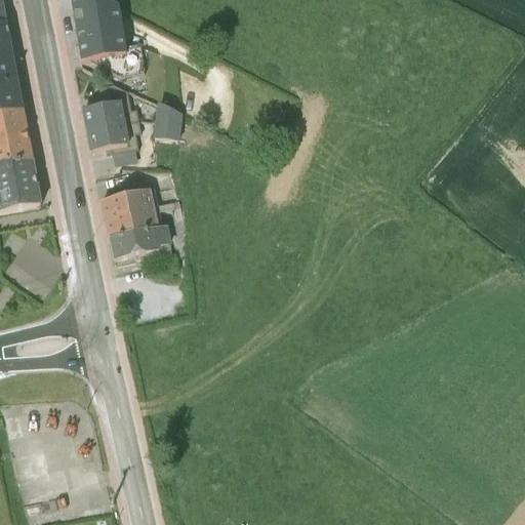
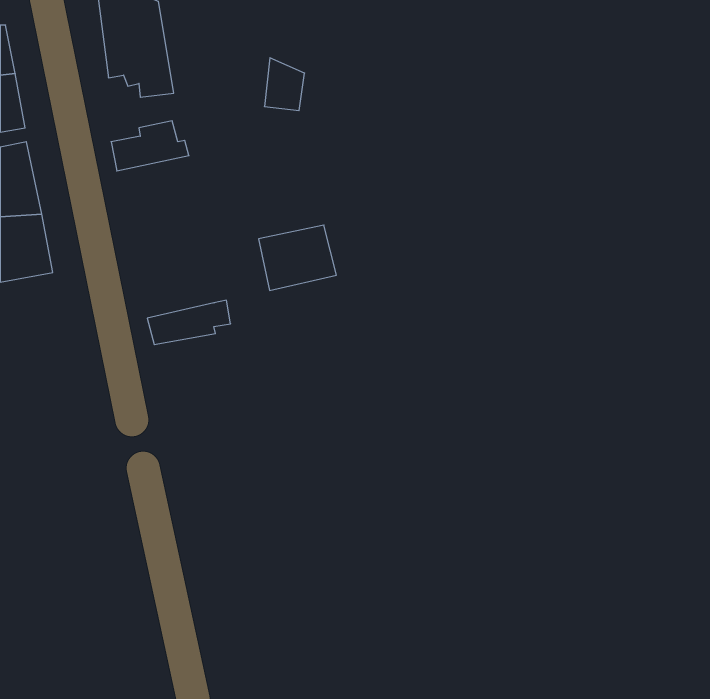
building: [152,98,181,137] -> [264,58,305,111]
building: [86,115,142,151] -> none
building: [100,187,158,235] -> [259,225,336,290]

